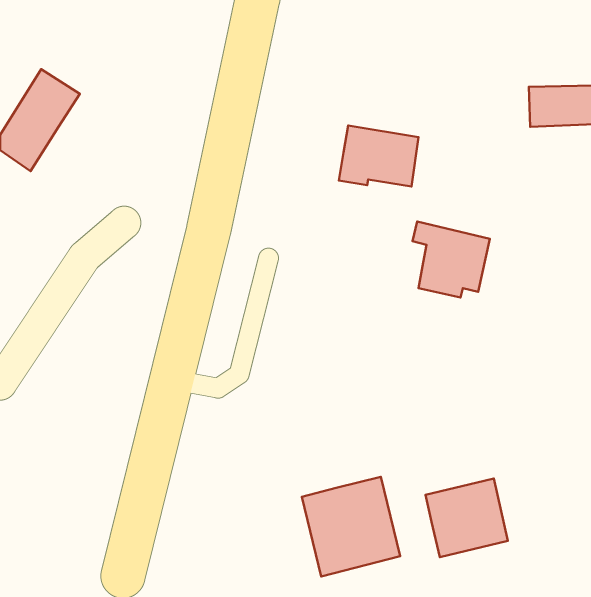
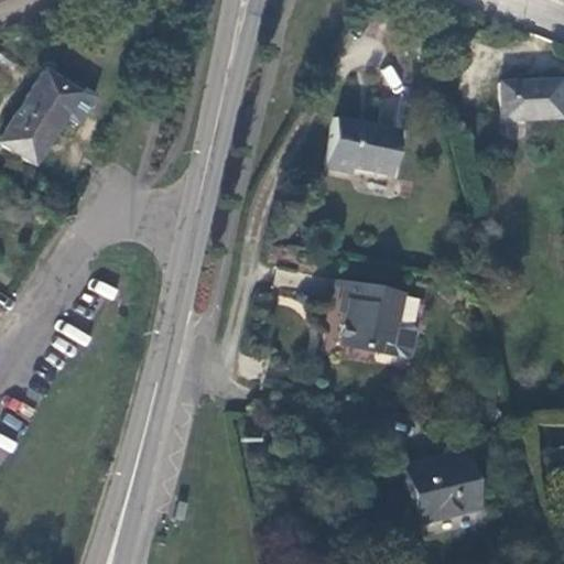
building: [413,221,490,298] -> [339,284,412,356]
building: [302,477,400,576] -> none

